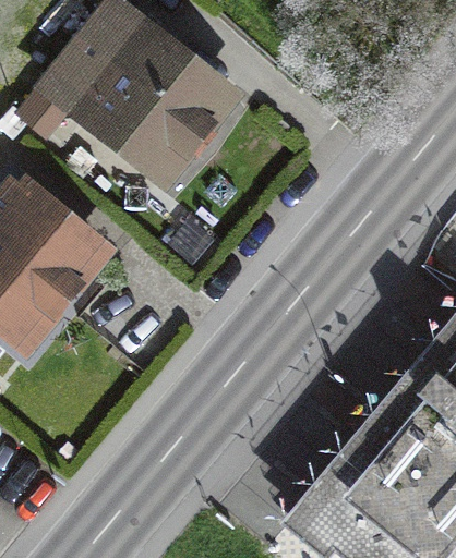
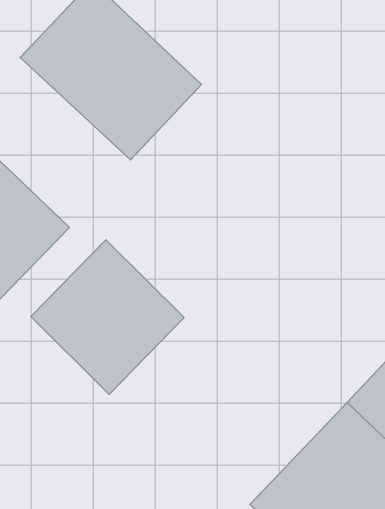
building: none -> [31,240,184,394]

